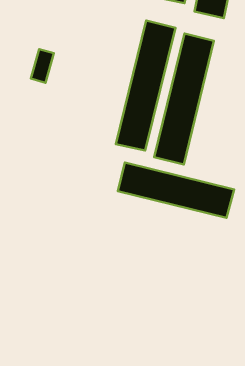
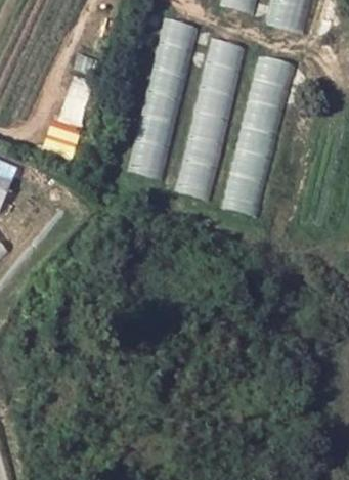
building: none -> [127,15,202,179]
building: [118,163,234,218] -> none

